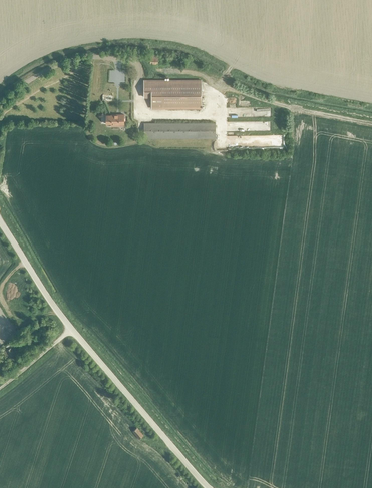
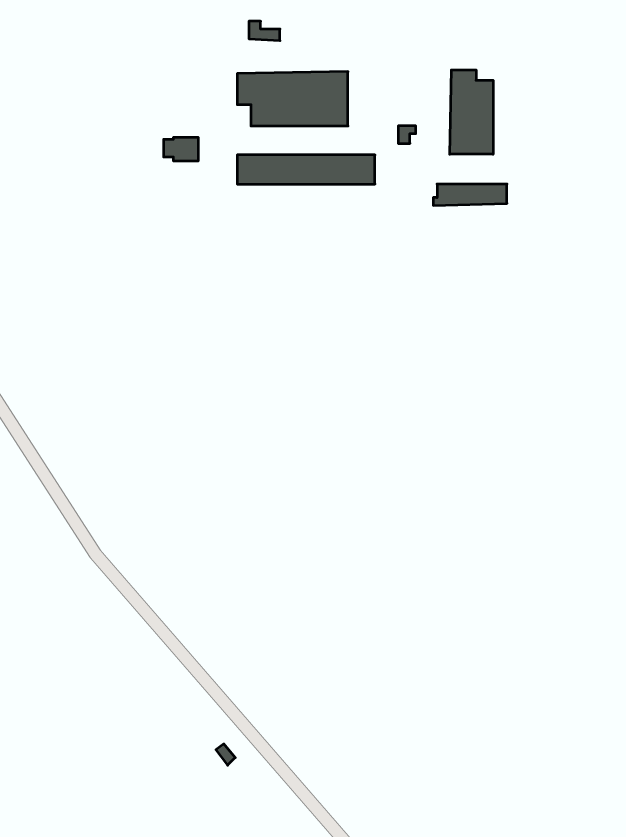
building: none -> [450,70,493,154]

